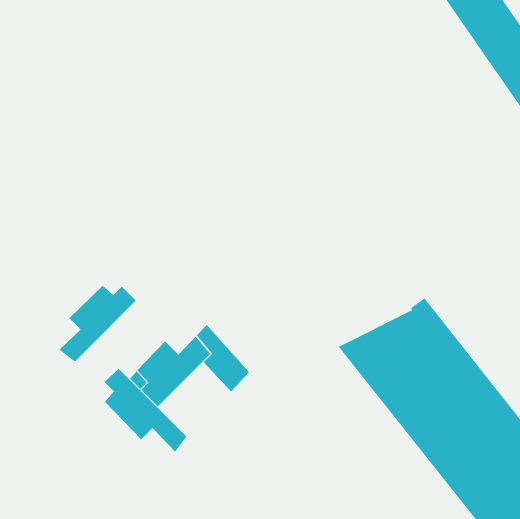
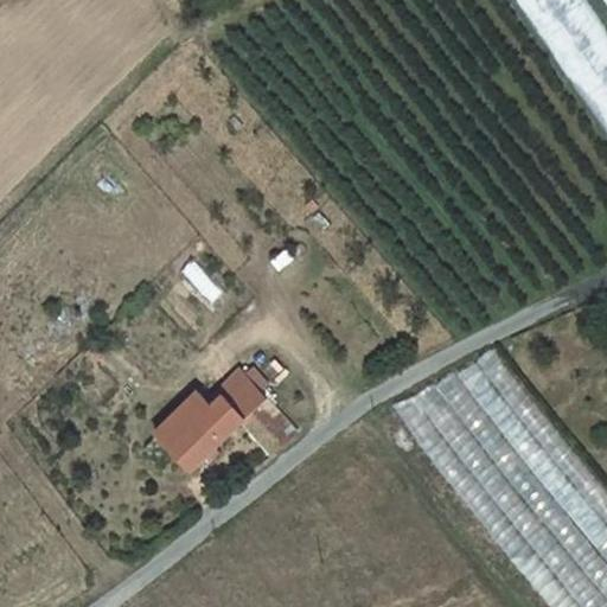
building: [59,285,137,363] -> none
building: [104,368,187,452] -> none

